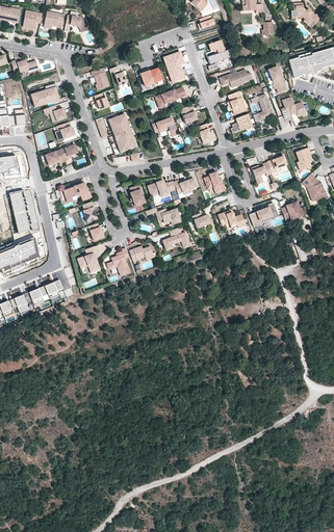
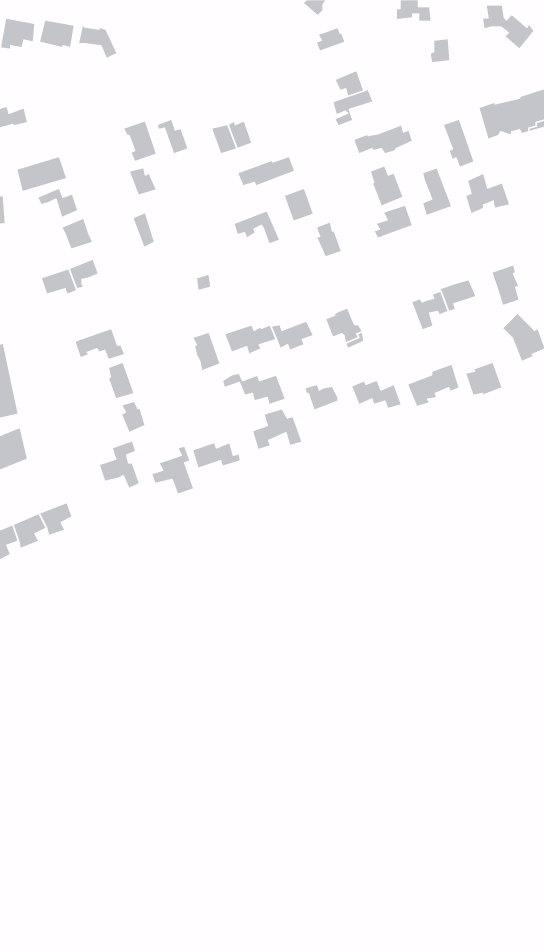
building: [163,52,184,83] -> none
building: [107,113,136,153] -> none

